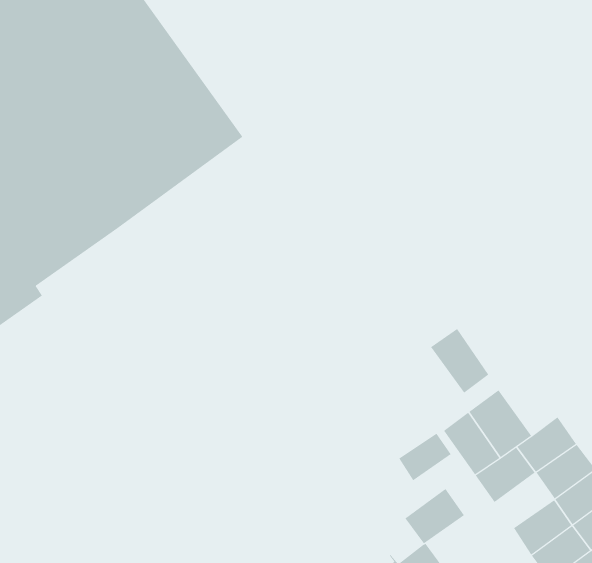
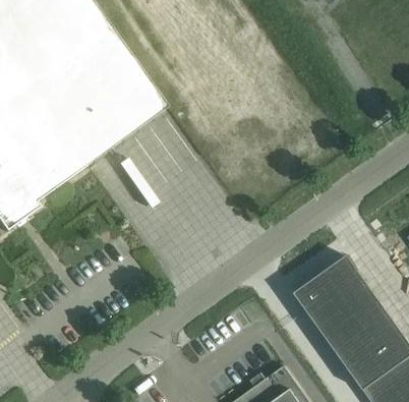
building: [430,328,489,394] -> [330,256,367,298]
building: [399,433,451,481] -> none
building: [404,488,465,544] -> [327,322,365,357]

